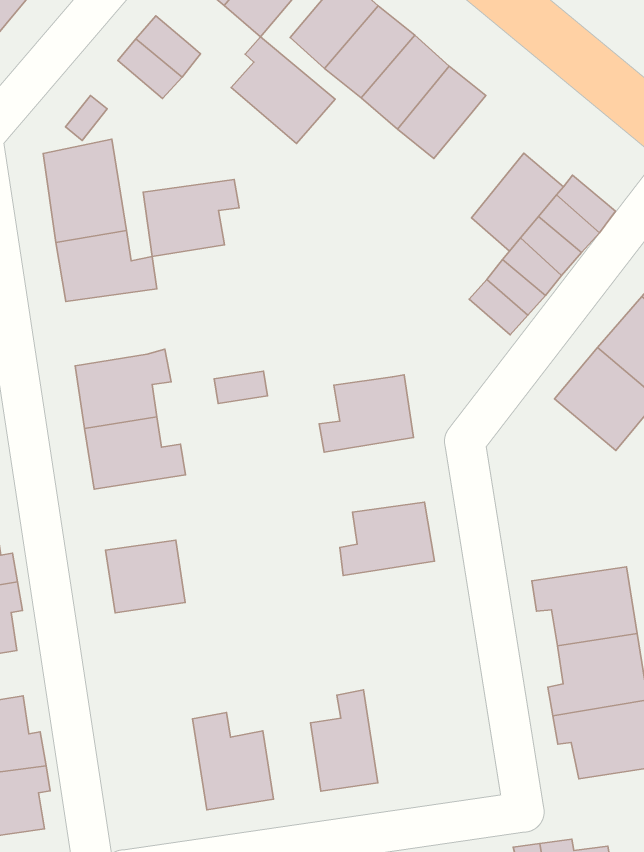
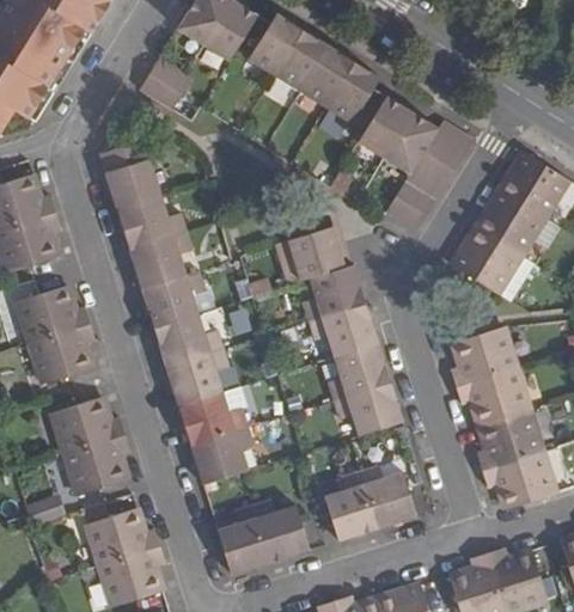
building: [231,37,335,143] -> none
building: none -> [359,96,410,157]
building: [143,179,239,257] -> [129,232,193,289]
building: none -> [282,226,347,284]
building: none -> [310,304,379,357]
building: none -> [165,349,227,405]
building: none -> [451,326,515,385]
building: none -> [334,381,404,435]
building: none -> [190,432,248,484]
building: none -> [358,465,417,530]
building: none -> [218,506,268,575]

